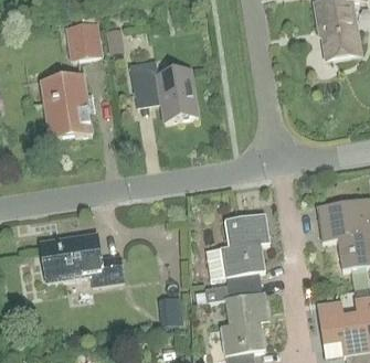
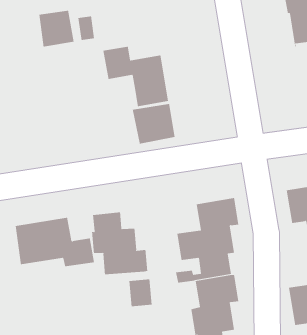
building: [41,75,89,139] -> none
building: none -> [132,103,175,144]
building: none -> [92,212,148,275]

